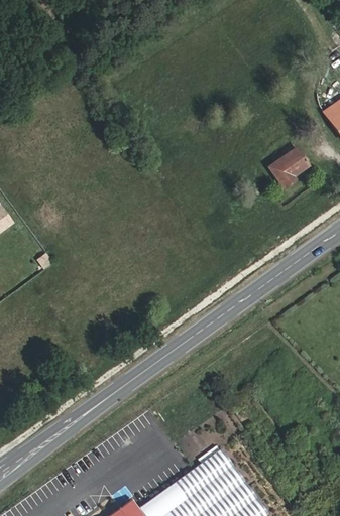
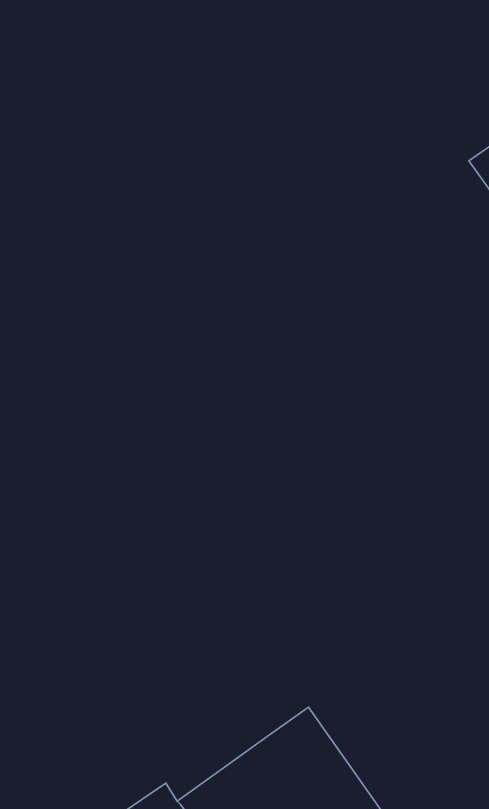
building: [267,146,309,189] -> none

